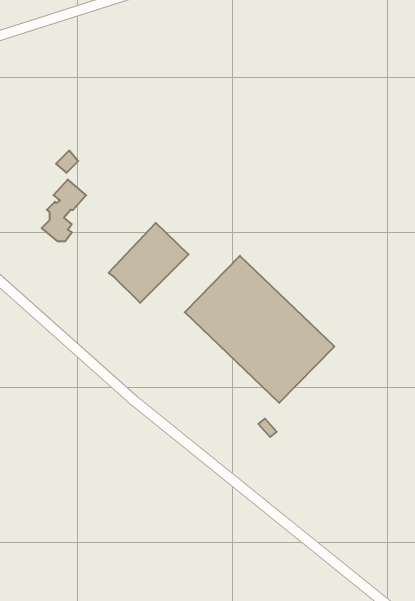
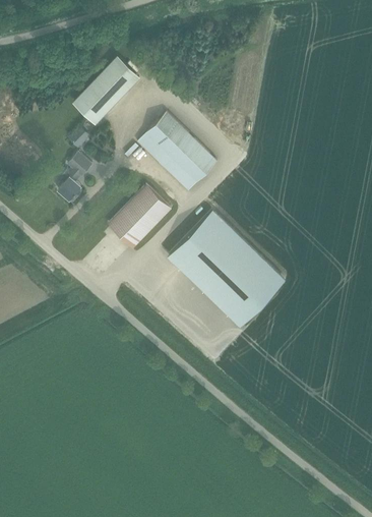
building: none -> [72,56,138,123]
building: none -> [136,112,216,191]

